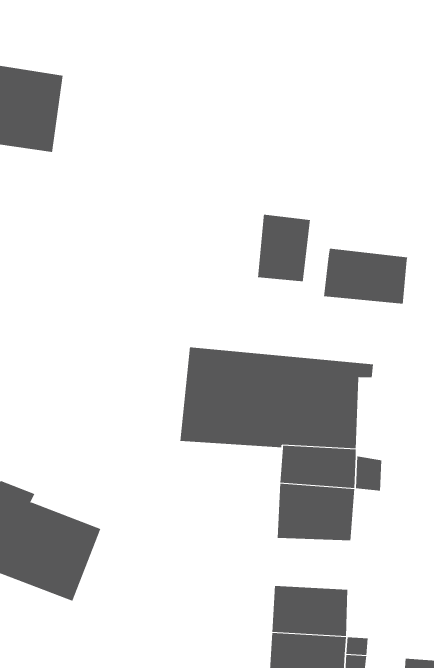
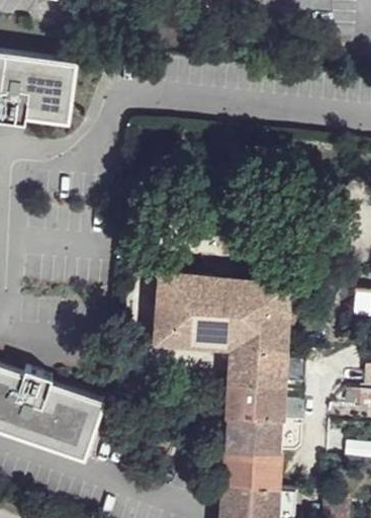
building: [258,214,311,282] -> none
building: [323,248,408,305] -> none
building: none -> [225,413,283,451]

